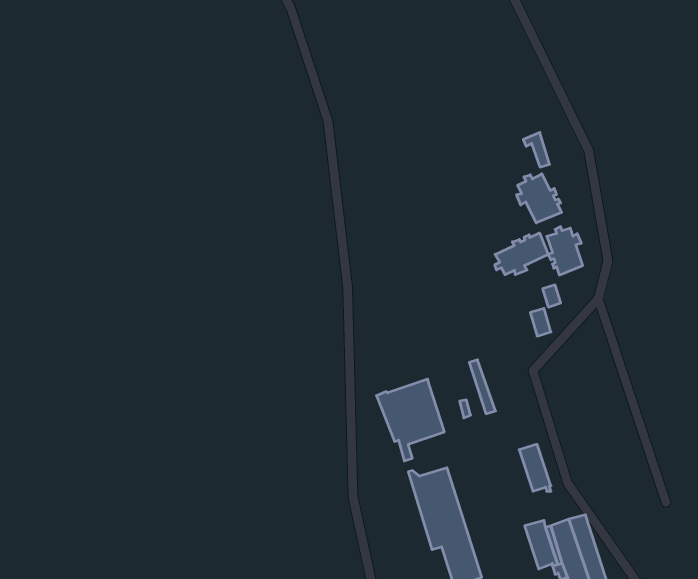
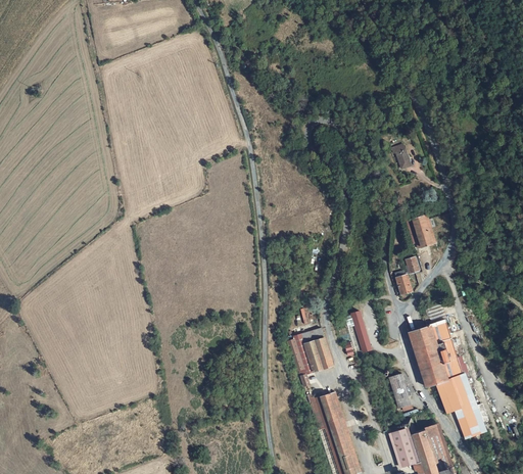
building: [517,174,562,223] -> none
building: [495,233,548,275] -> none
building: none -> [411,319,485,440]

